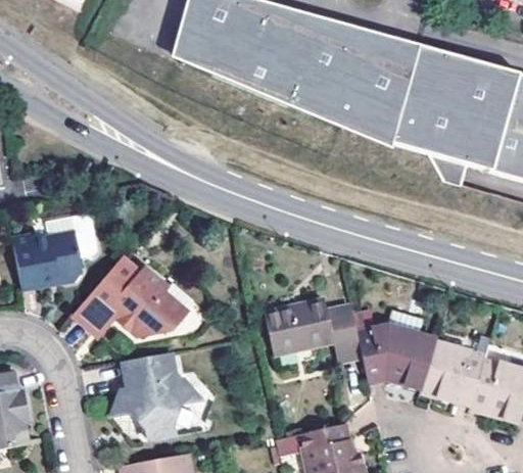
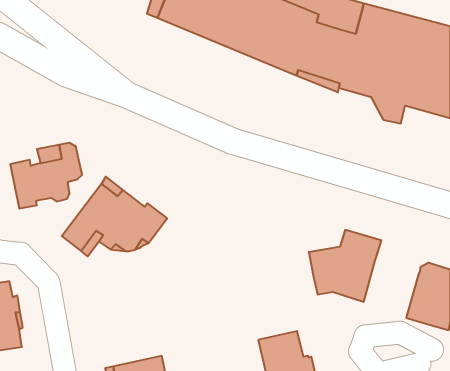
building: [265,303,364,365] -> none
building: [422,341,486,404] -> none
building: [112,351,197,439] -> none

